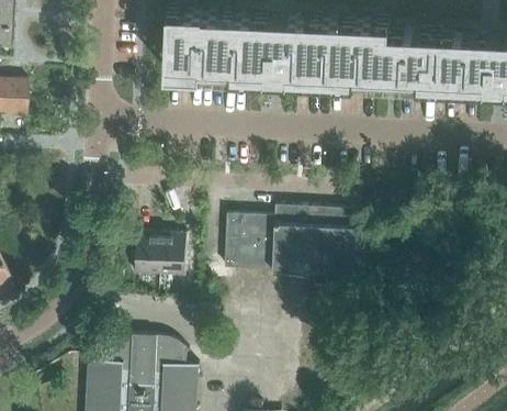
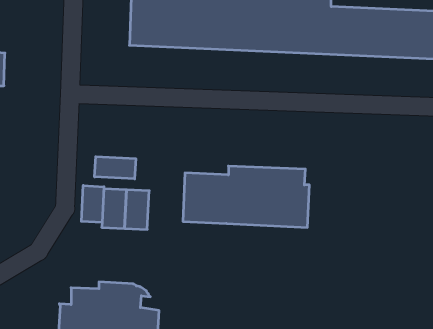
building: none -> [95,157,136,179]
building: none -> [81,185,104,223]

